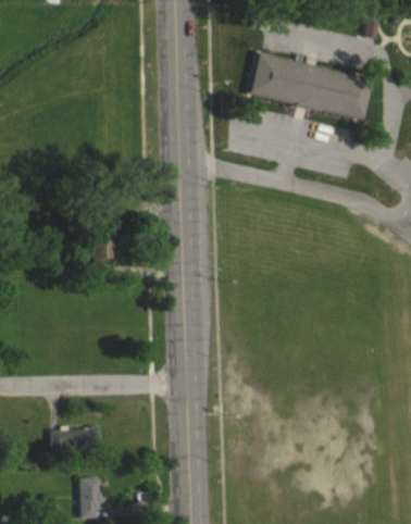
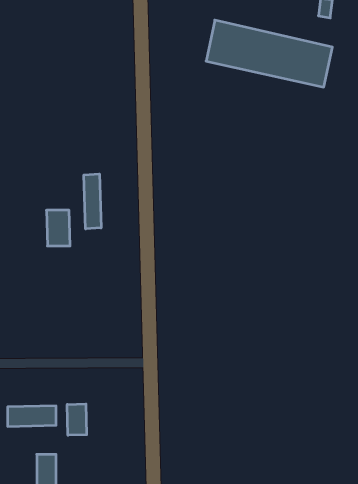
building: none -> [84,174,101,229]
building: none -> [67,404,87,435]

